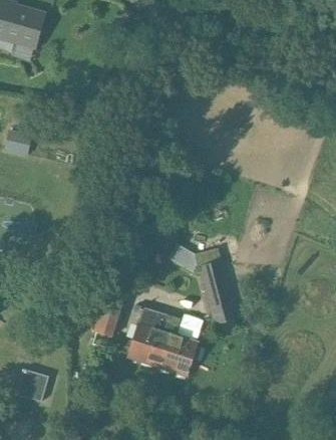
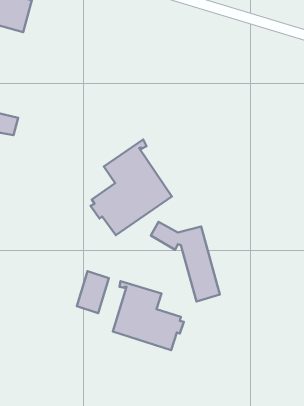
building: none -> [91,140,172,235]
building: [15,369,48,402] -> none

